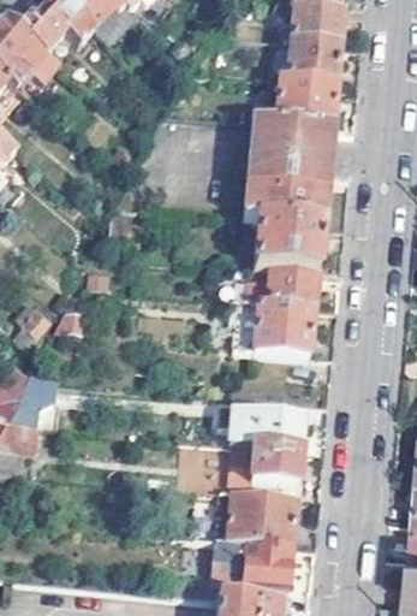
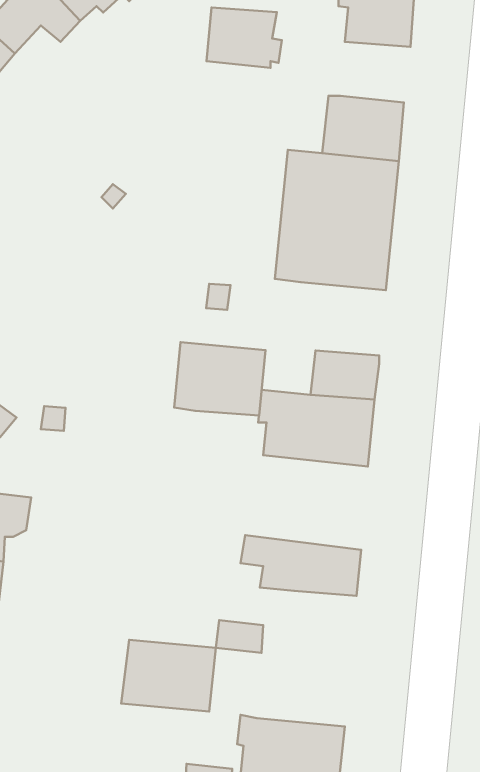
building: [287,40,342,84] -> [207,7,282,68]
building: [254,217,321,271] -> [174,342,266,416]
building: [250,444,299,485] -> none
building: [226,491,296,544] -> [121,640,216,712]

